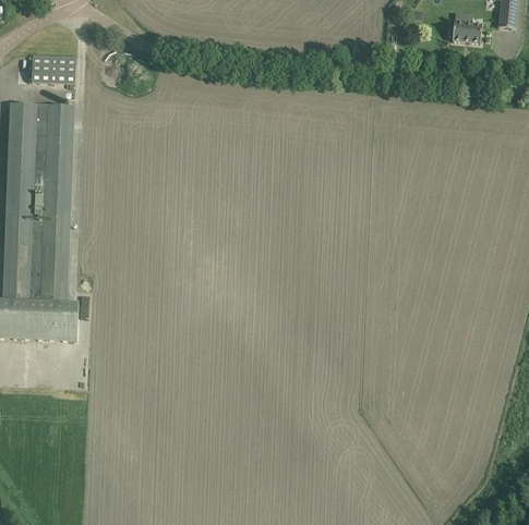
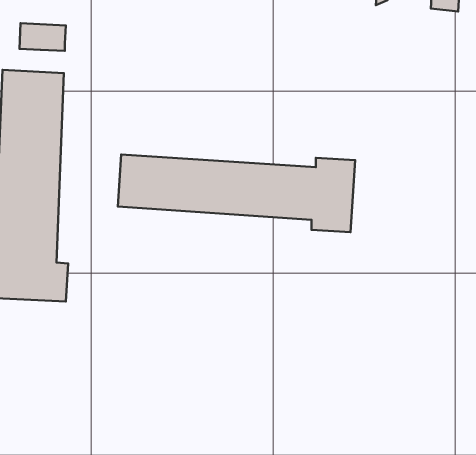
building: none -> [118,154,355,232]

